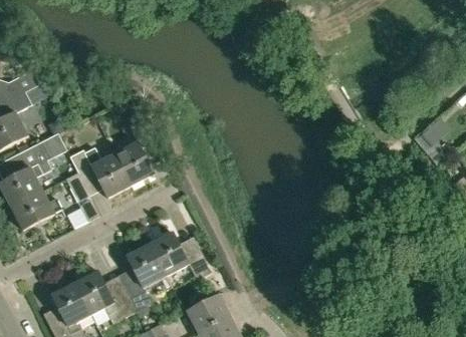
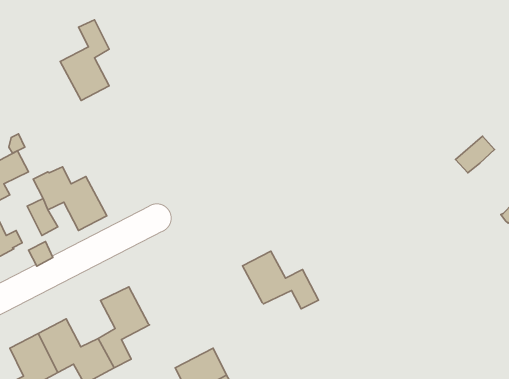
building: [113,118,154,185] -> [60,20,109,101]
building: [149,231,211,278] -> [243,251,318,309]

